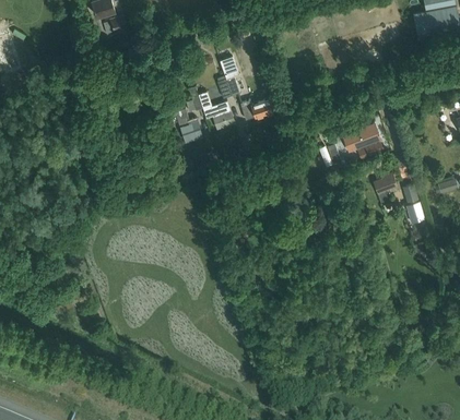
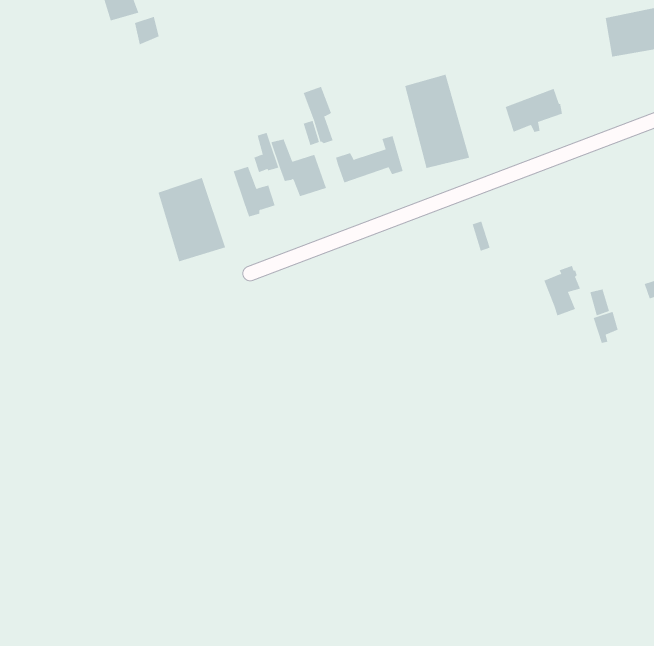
building: none -> [405,74,470,169]
building: none -> [158,177,226,262]
building: [343,123,380,152] -> [505,88,563,132]

